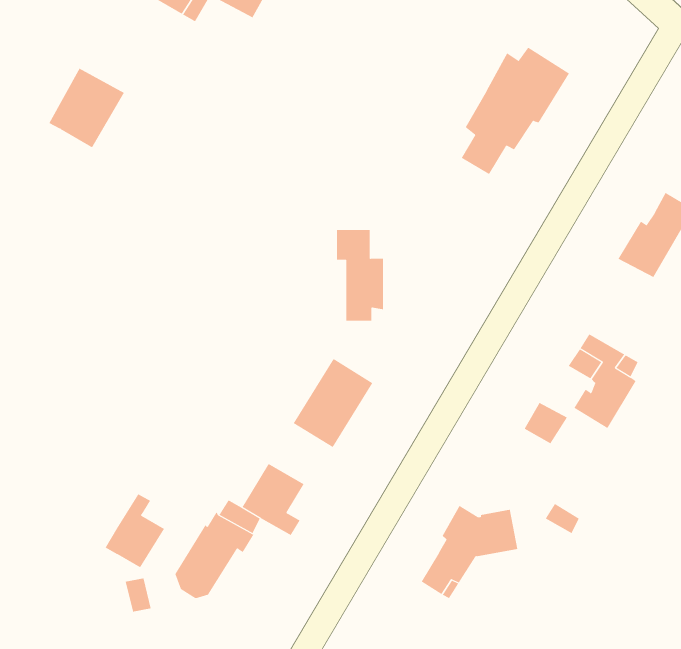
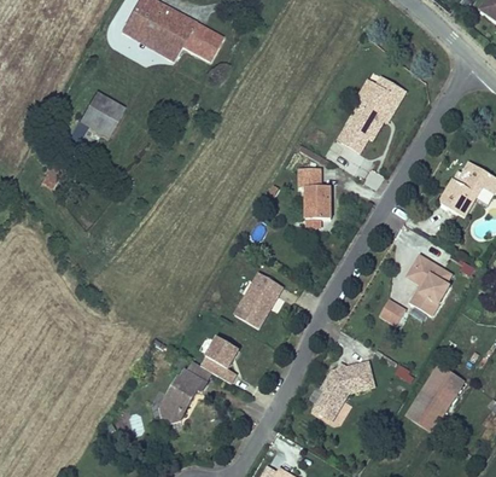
building: [336,230,384,321] -> [298,170,328,228]
building: [105,494,165,568] -> none
building: none -> [402,366,461,434]

